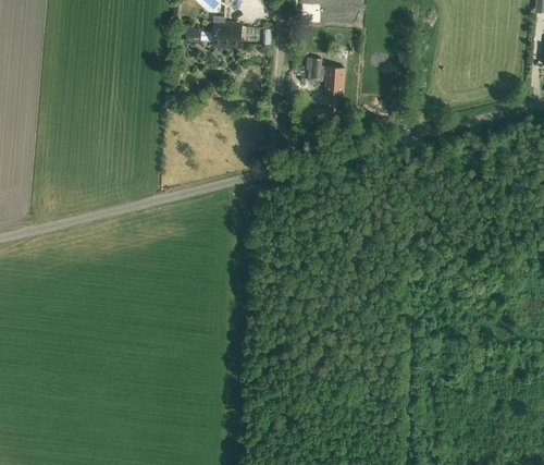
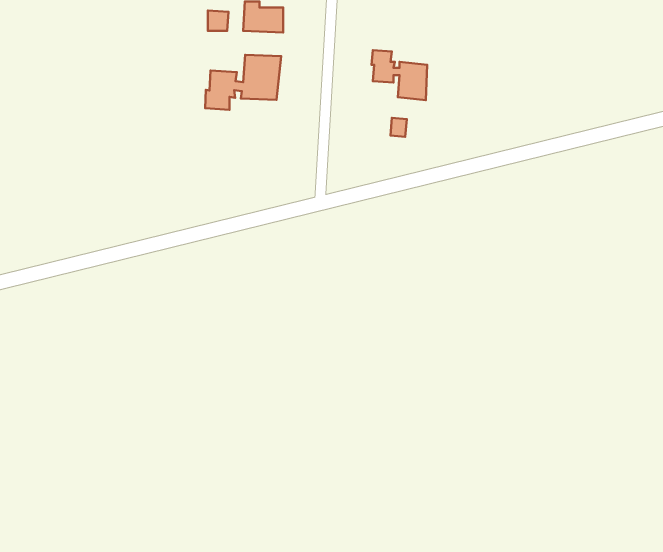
building: none -> [205,55,281,110]

